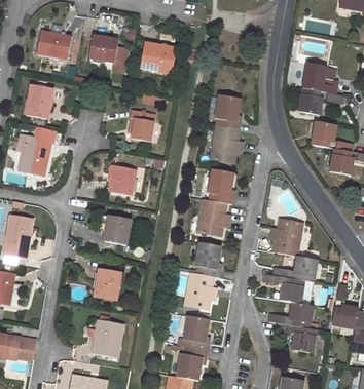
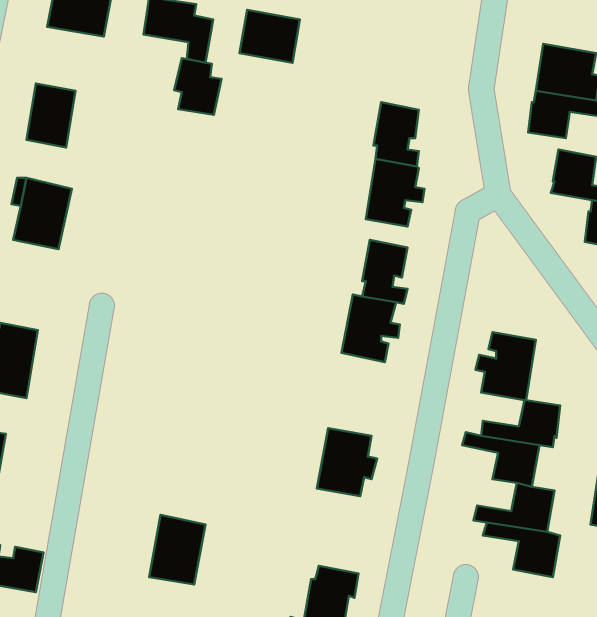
building: [129,109,154,140] -> [174,58,221,115]
building: [110,165,136,195] -> none
building: [105,215,131,244] -> none
building: [195,241,221,276] -> none
building: [95,269,120,299] -> none
building: [179,314,210,350] -> none

